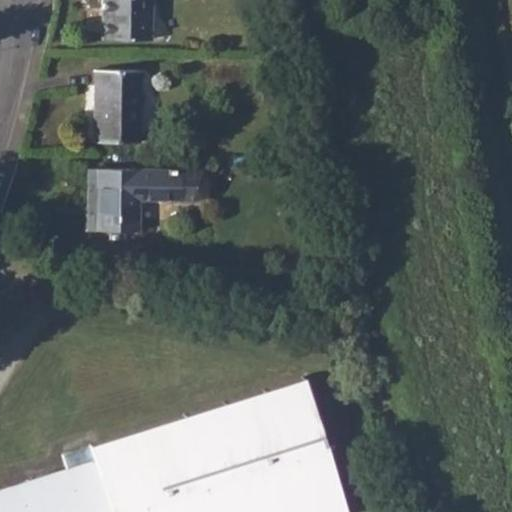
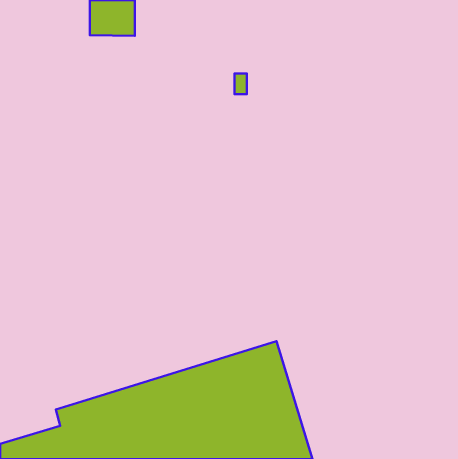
building: [93,70,139,142] -> none
building: [95,169,205,231] -> none

